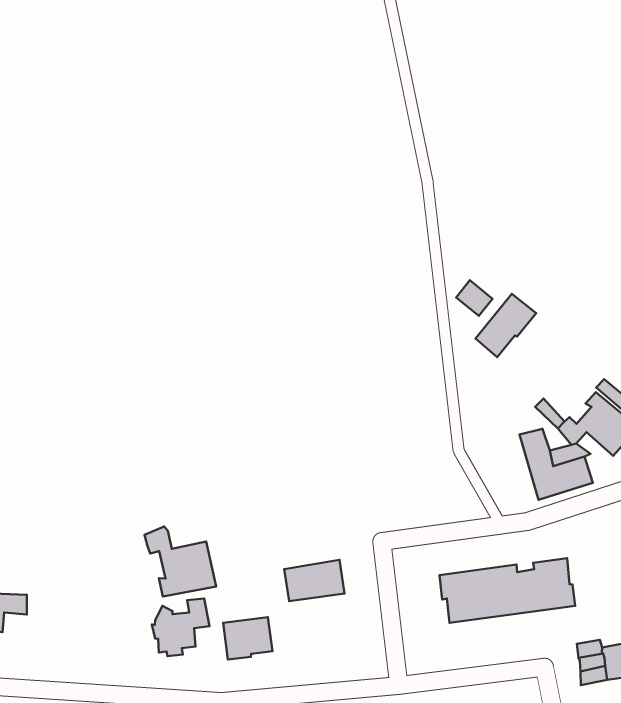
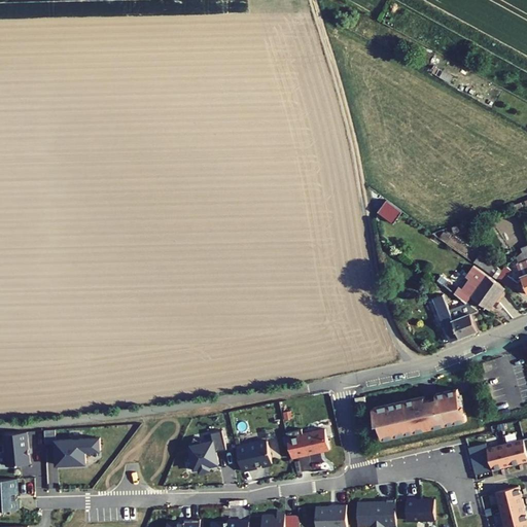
building: [475,294,536,357] -> none
building: [145,527,216,596] -> none
building: [284,560,344,601] -> [287,430,329,461]

